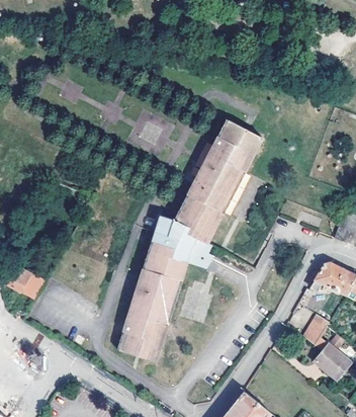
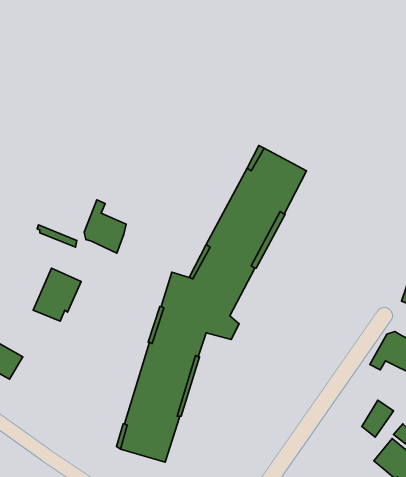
building: none -> [84,200,126,253]
building: none -> [33,268,81,321]

